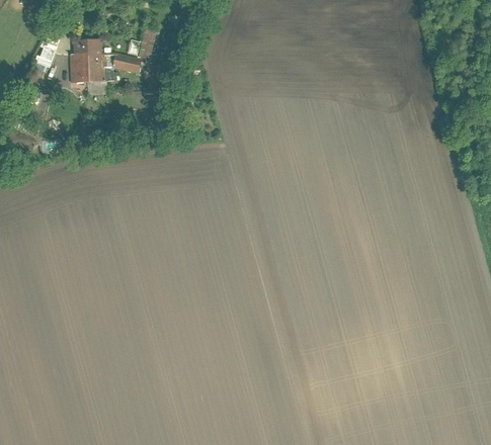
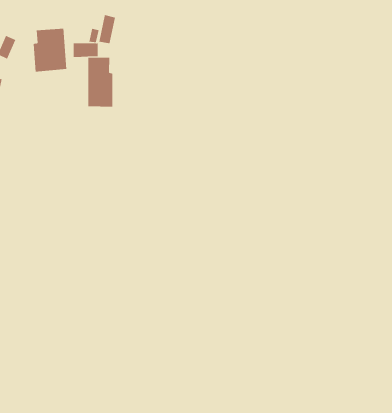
building: none -> [88,57,113,108]

